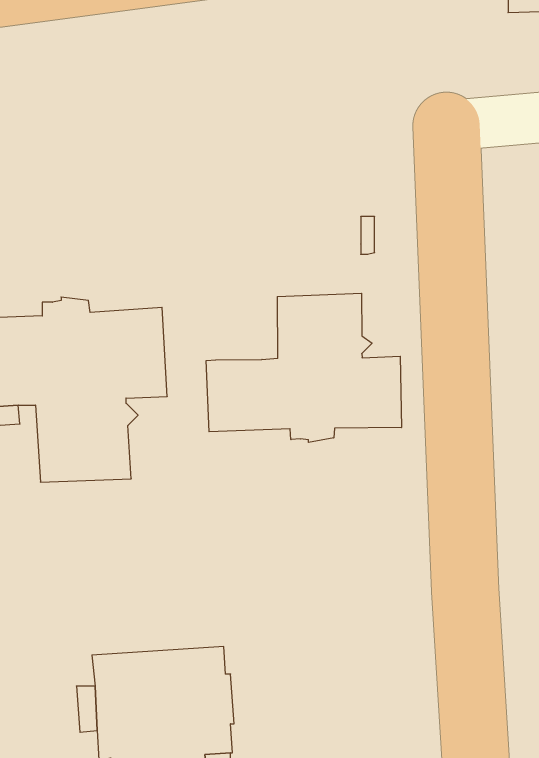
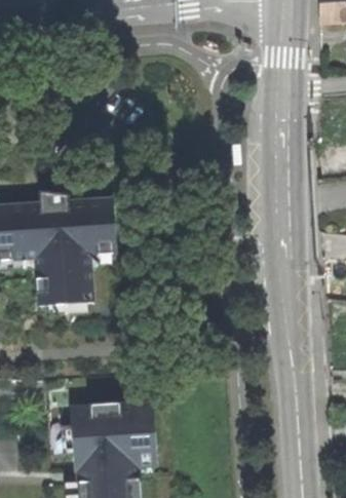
building: [206,293,401,442] -> none

